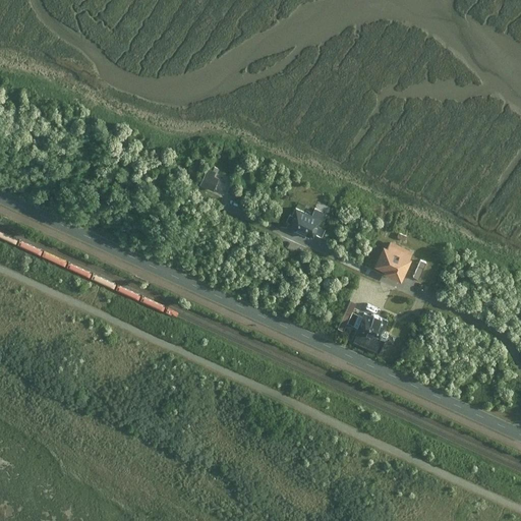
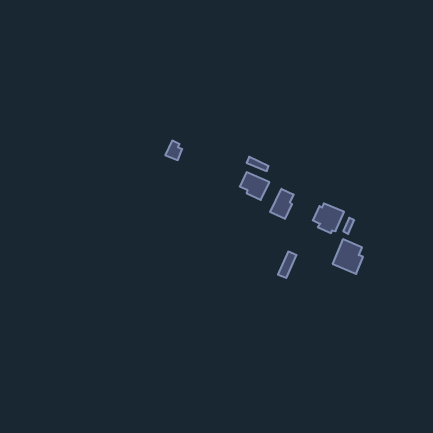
building: none -> [270,189,294,219]
building: [352,312,389,354] -> [333,239,363,274]

